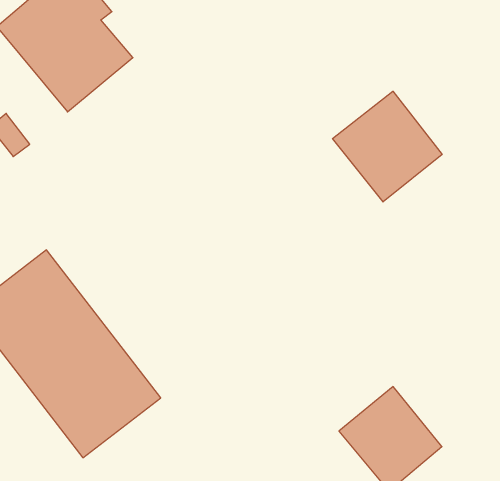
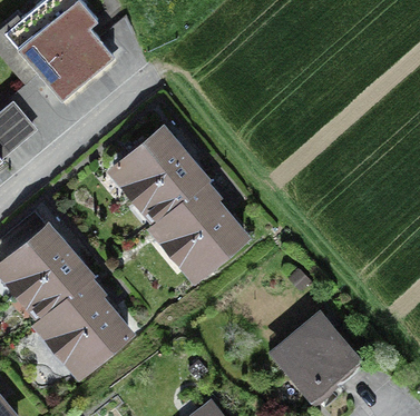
building: [333,91,442,202] -> none
building: none -> [113,115,267,280]

